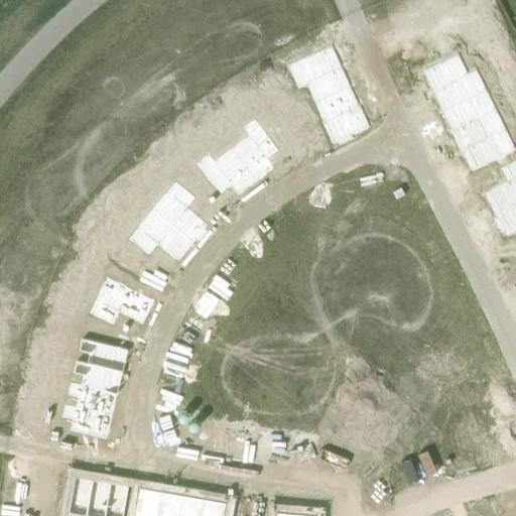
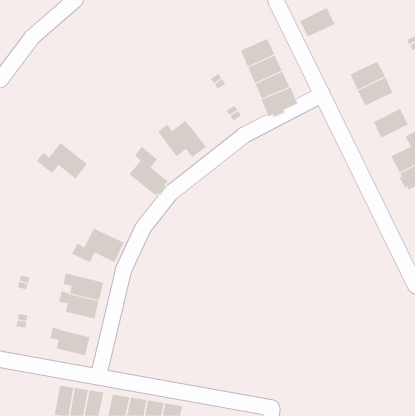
building: [424,54,469,92] -> [299,7,335,37]
building: [452,115,497,152] -> none
building: [231,118,279,181] -> none
building: [130,216,195,262] -> [36,142,88,180]
building: [68,382,119,417] -> none

